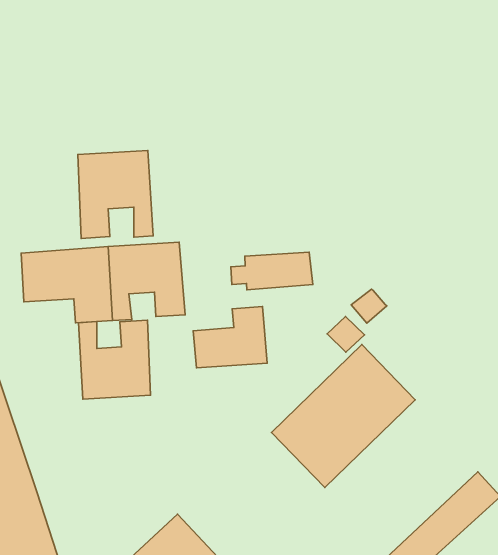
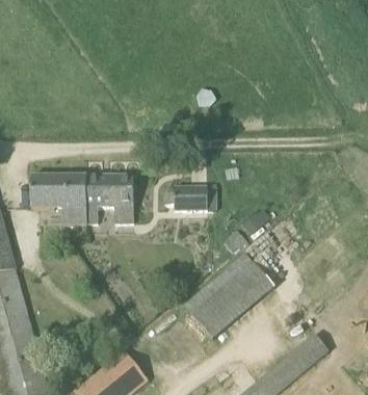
building: [78,150,153,238] -> none
building: [193,306,267,368] -> none
building: [78,320,150,399] -> none

